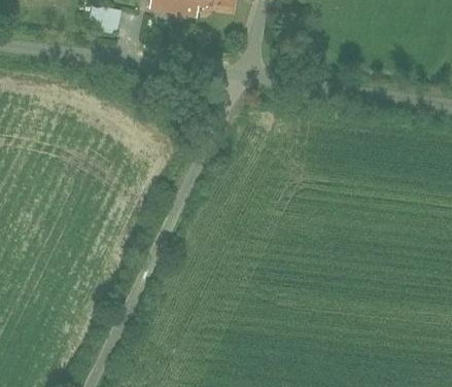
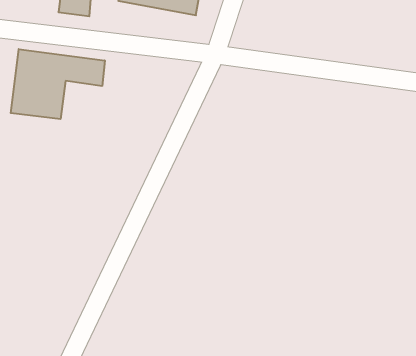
building: none -> [11,49,105,119]

